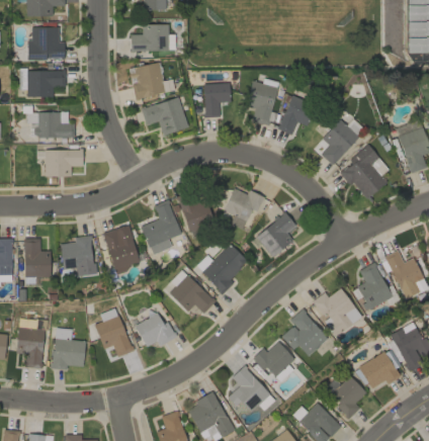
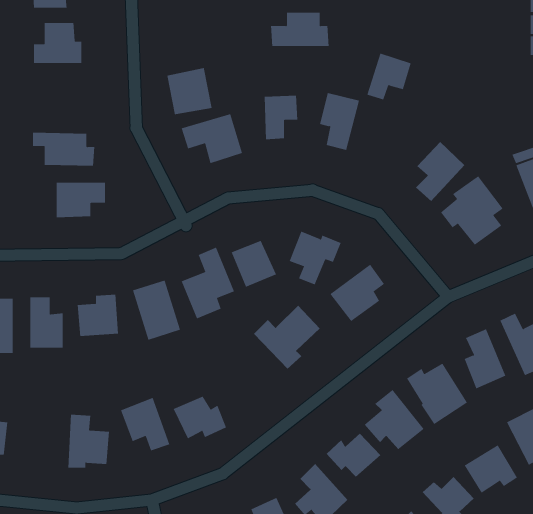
building: [131,24,176,51] -> [270,12,330,47]
building: [27,70,66,97] -> none
building: [279,97,314,134] -> [367,53,411,100]
building: [169,269,215,314] -> none
building: [16,318,47,368] -> none

